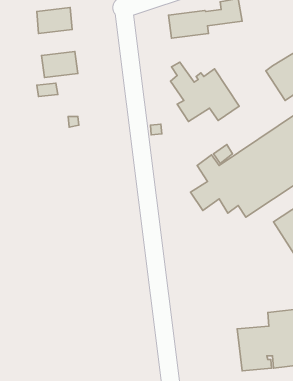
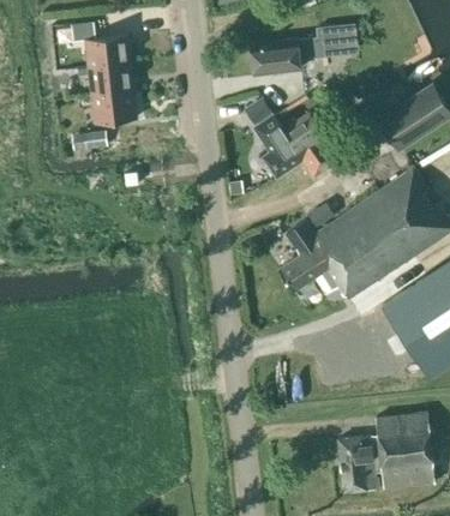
building: none -> [88,64,133,96]

